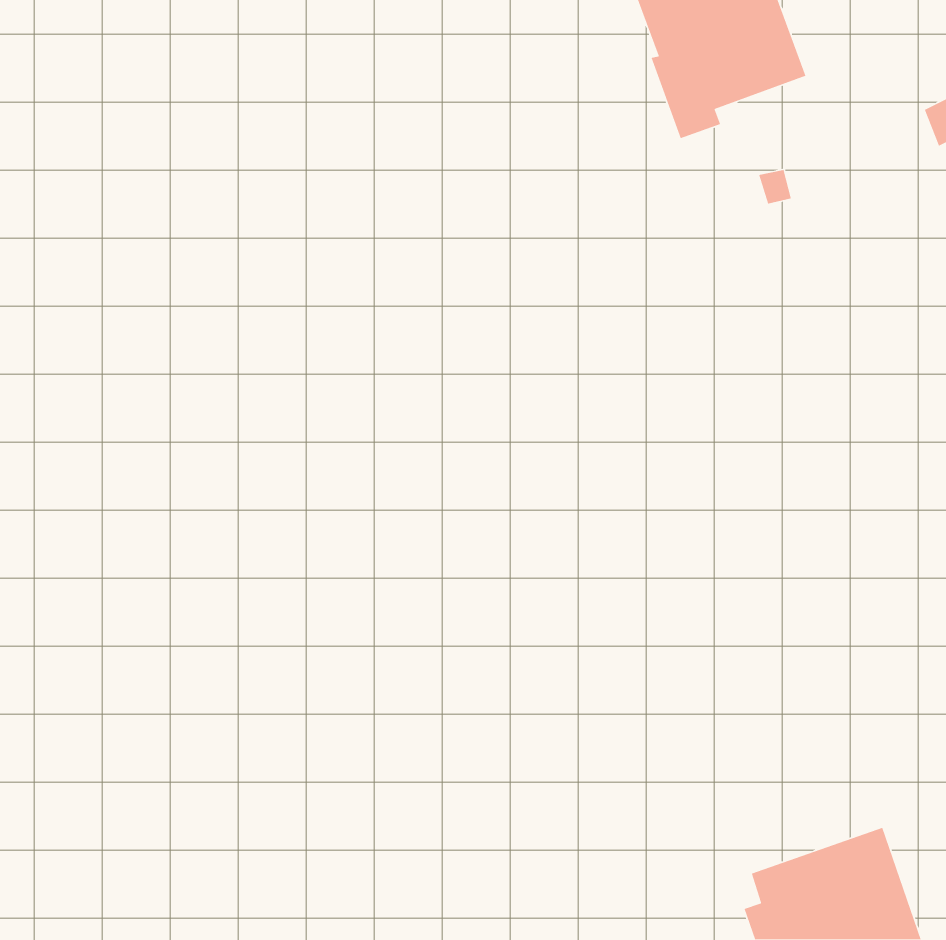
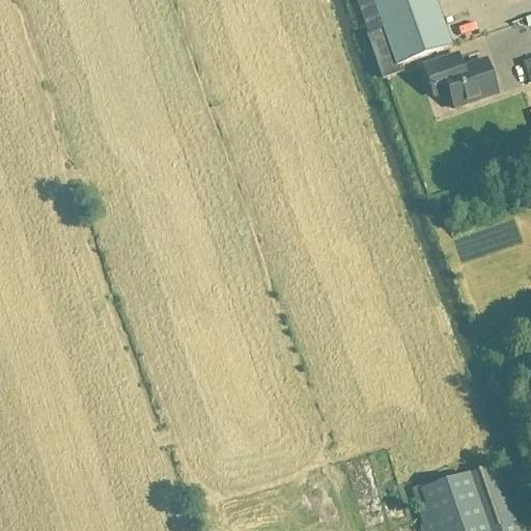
building: none -> [424,52,498,106]

